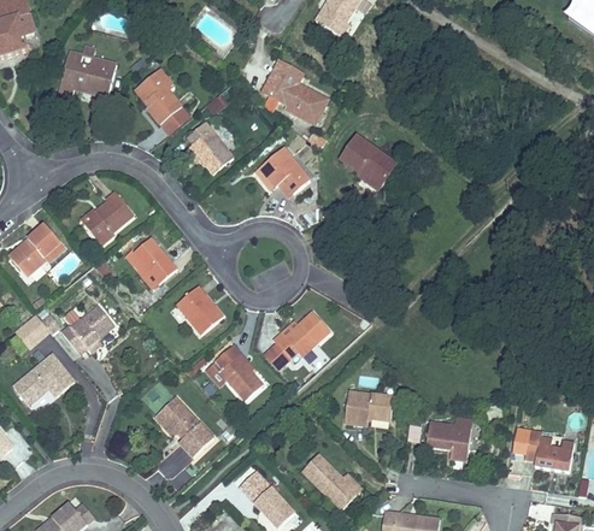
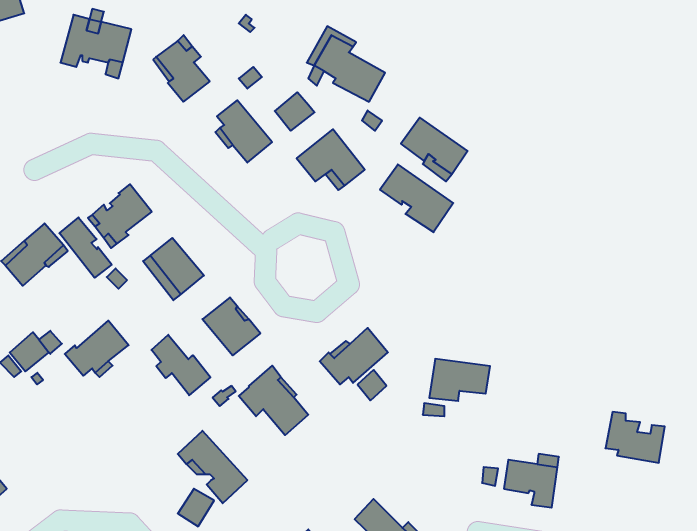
building: none -> [275,92,315,131]
building: none -> [380,164,453,232]
building: none -> [59,217,112,278]
building: none -> [151,335,210,395]
building: [13,355,75,405] -> none
building: [343,391,394,426] -> [429,359,490,401]
building: [524,430,574,472] -> [605,412,665,463]

